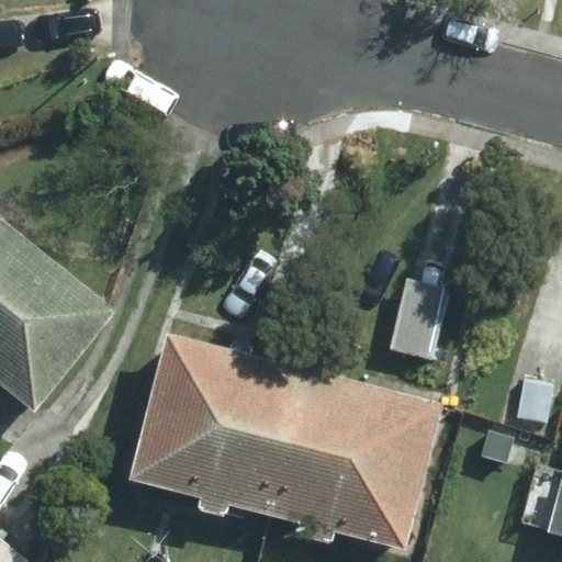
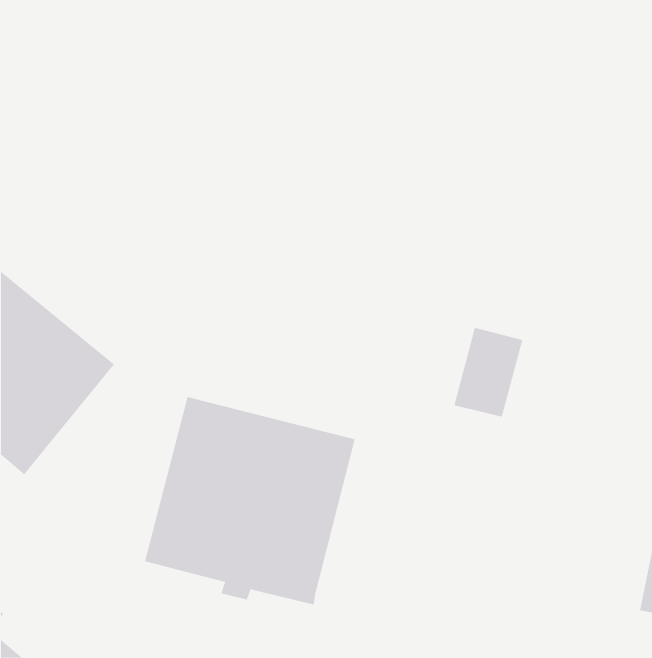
building: [273,374,437,550] -> none

